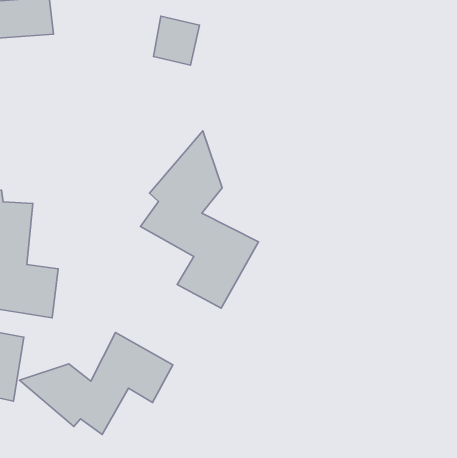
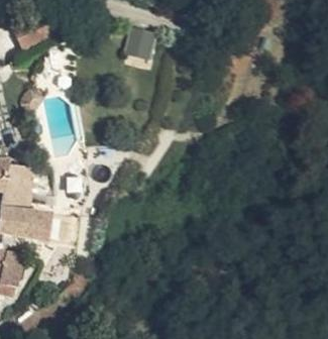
building: [140,131,259,308] -> none
building: [20,332,173,435] -> none

